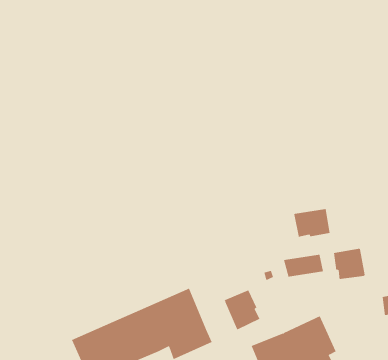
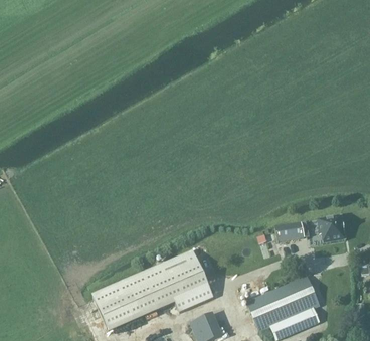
building: [293,208,330,237] -> none
building: [224,289,260,330] -> none

